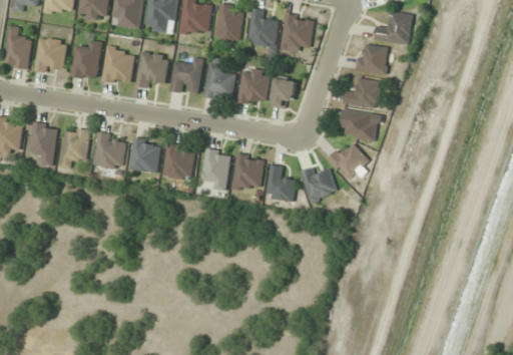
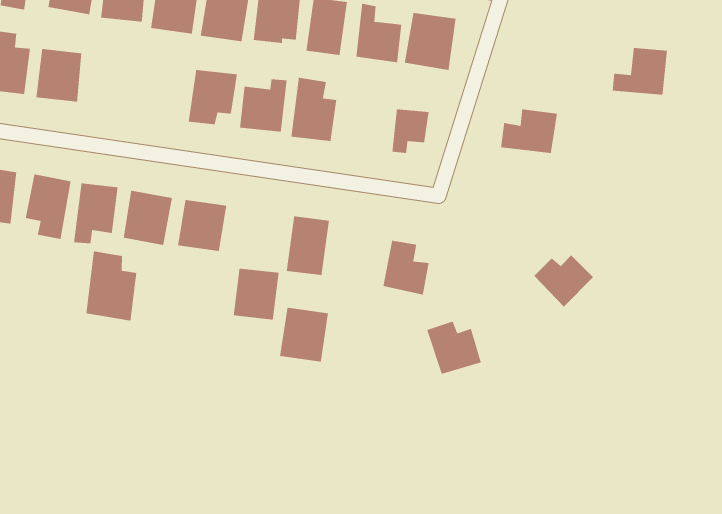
building: [375,12,412,44] -> [612,47,668,96]
building: [72,40,102,79] -> none
building: [355,42,390,76] -> none
building: [102,47,135,86] -> none
building: [239,70,268,105] -> none
building: [342,110,377,140] -> none
building: [163,144,194,180] -> [233,268,279,321]
building: [329,144,369,180] -> [534,255,594,307]
building: [231,154,265,192] -> [279,307,329,363]
building: [301,166,338,203] -> [426,320,482,375]
building: none -> [85,251,137,321]

